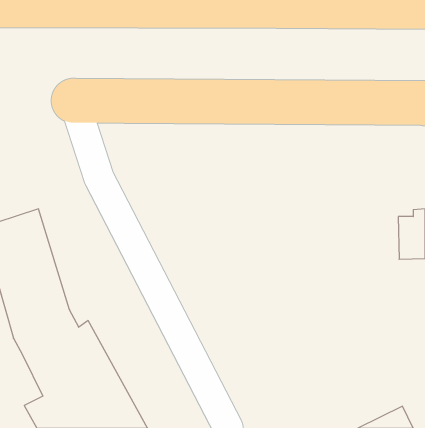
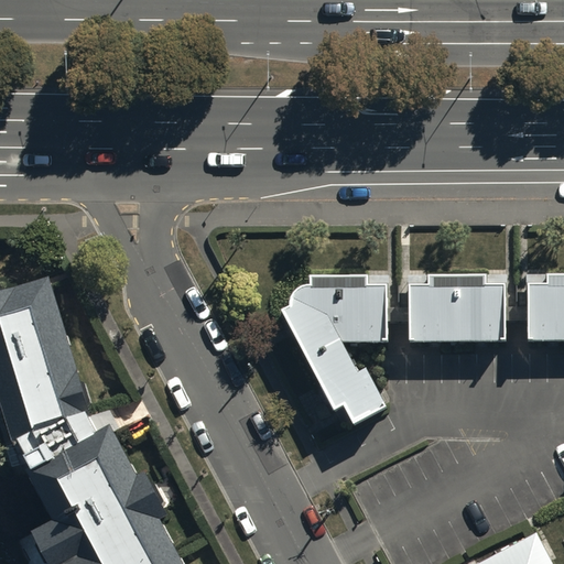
building: none -> [406,276,502,341]
building: none -> [280,280,384,424]

